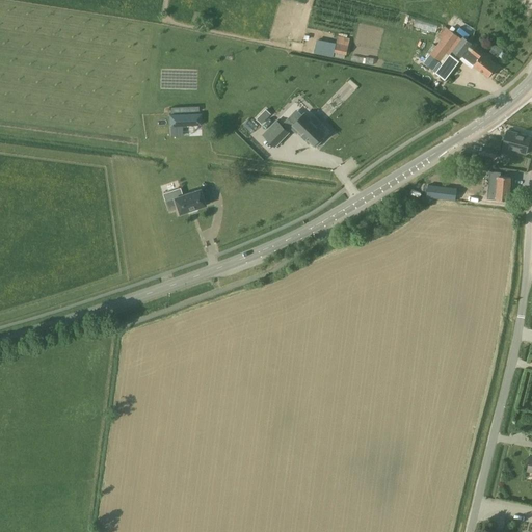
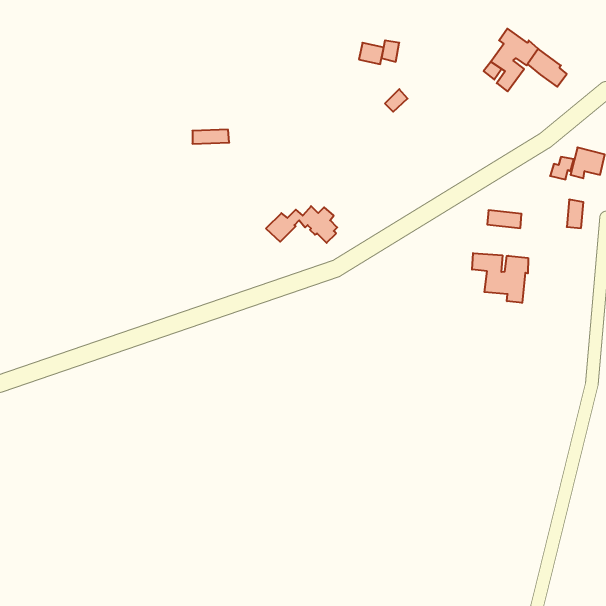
building: [262,114,324,147] -> [266,206,337,243]
building: [164,188,204,213] -> none
building: none -> [472,253,528,303]

